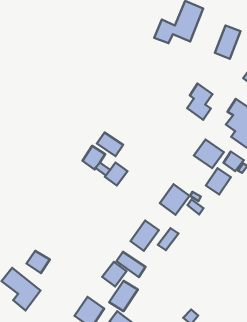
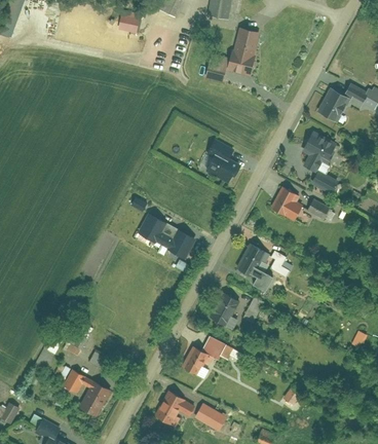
building: [215,26,240,59] -> none
building: [187,83,213,120] -> [205,139,233,181]
building: [97,132,123,156] -> none
building: [206,168,231,195] -> none
building: [109,281,138,311] -> none

